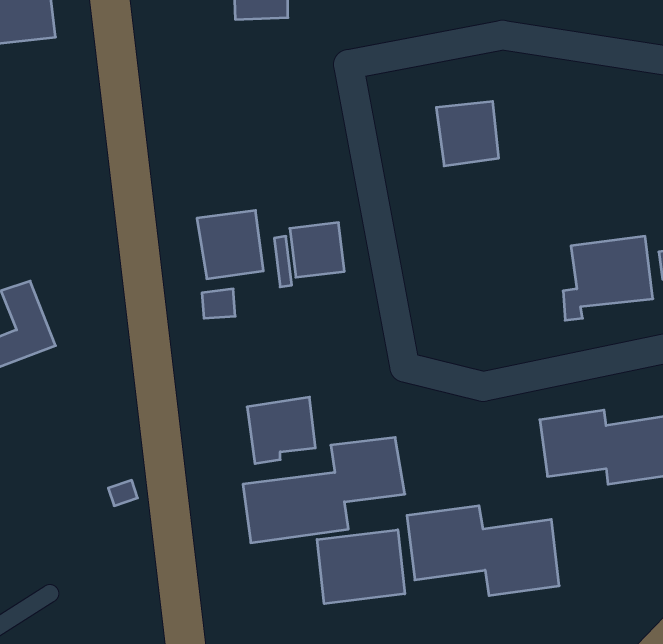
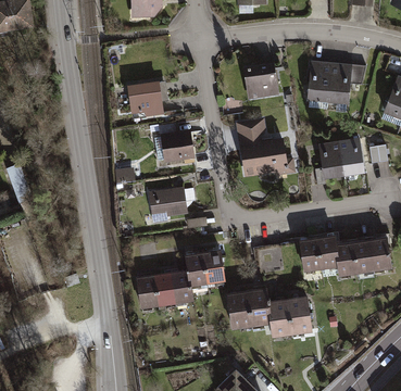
building: none -> [309,60,352,103]
building: none -> [238,118,296,176]
building: [197,210,263,279] -> [127,80,164,118]
building: [247,397,315,464] -> [149,186,187,223]
building: [317,530,405,604] -> none

